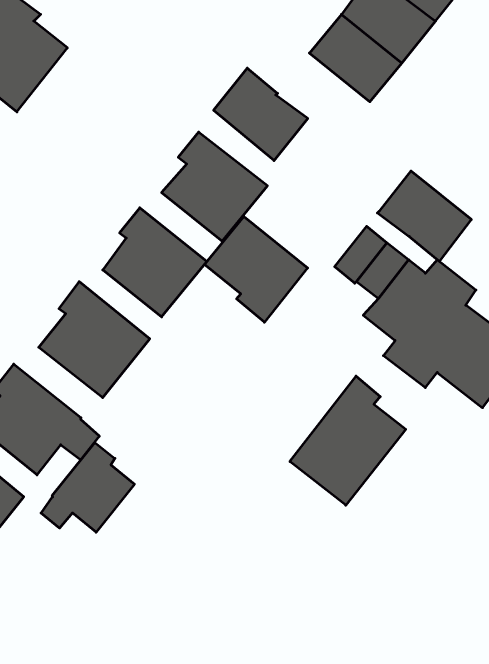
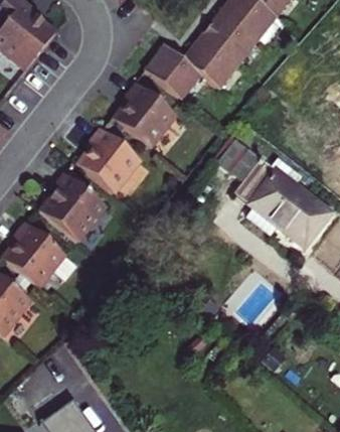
building: [377,171,471,262] -> [182,34,238,89]
building: [204,217,308,322] -> none
building: [290,376,406,505] -> none
building: [41,442,134,532] -> none

